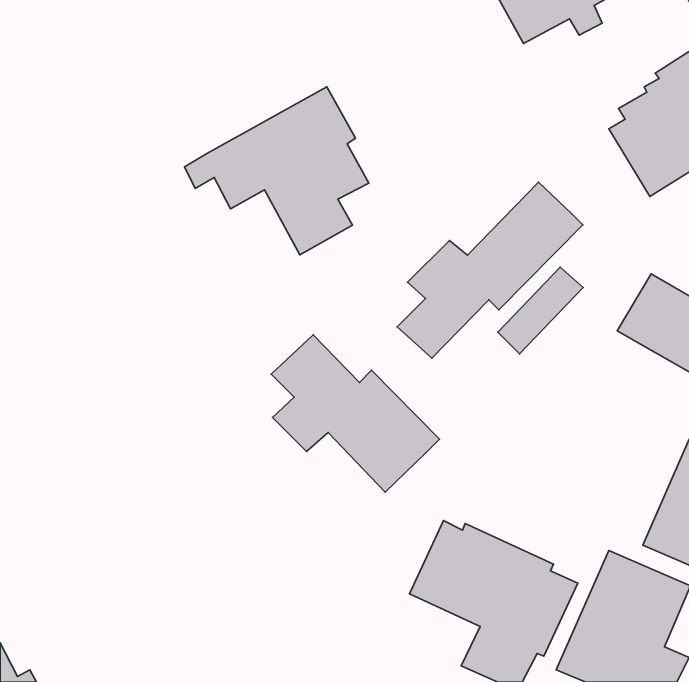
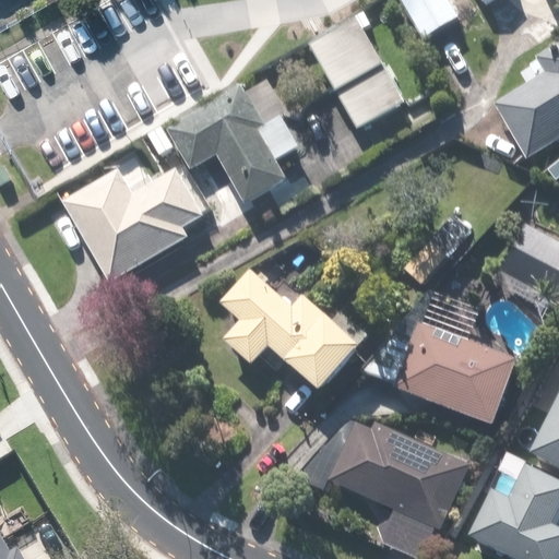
building: none -> [307,16,405,128]
building: [397,182,583,358] -> none
building: none -> [64,154,204,282]
building: none -> [394,290,516,424]

